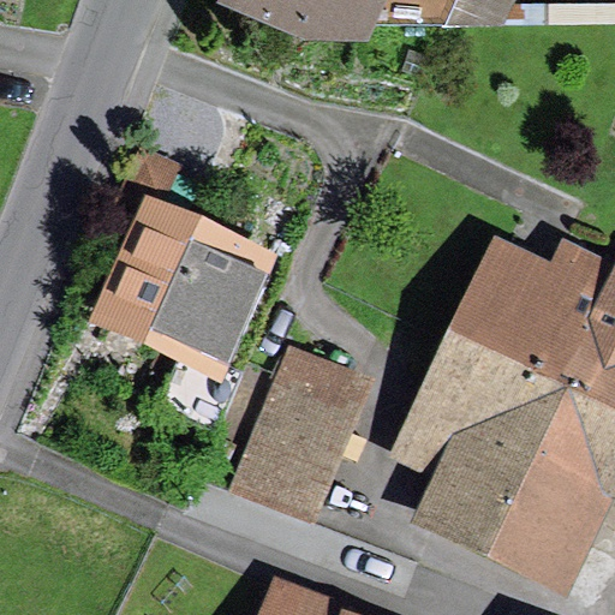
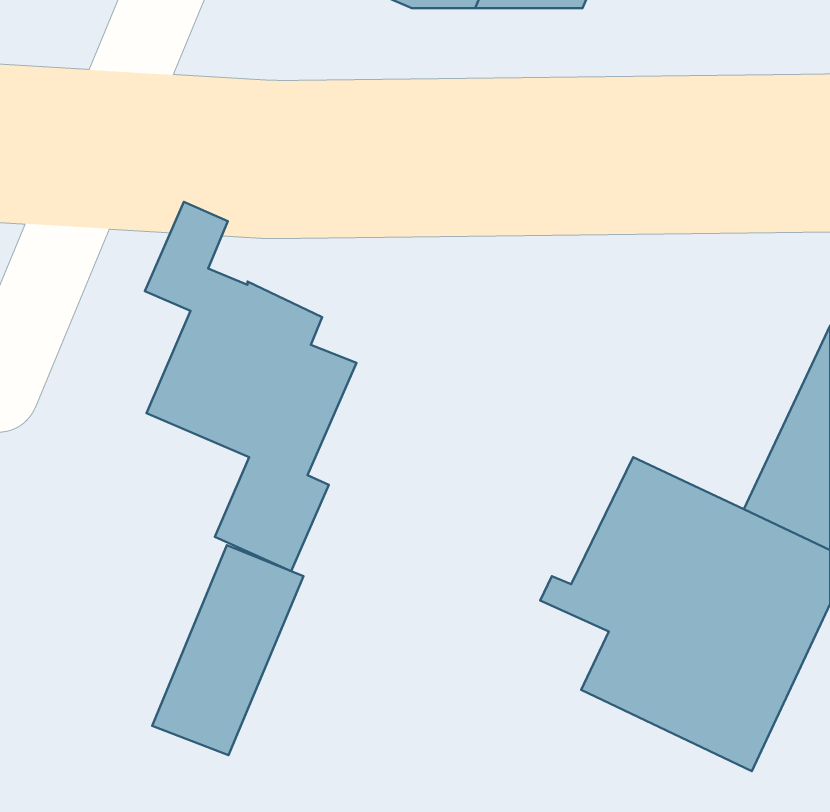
building: [467,249,601,376] -> none
building: [241,350,353,504] -> [152,545,303,755]

